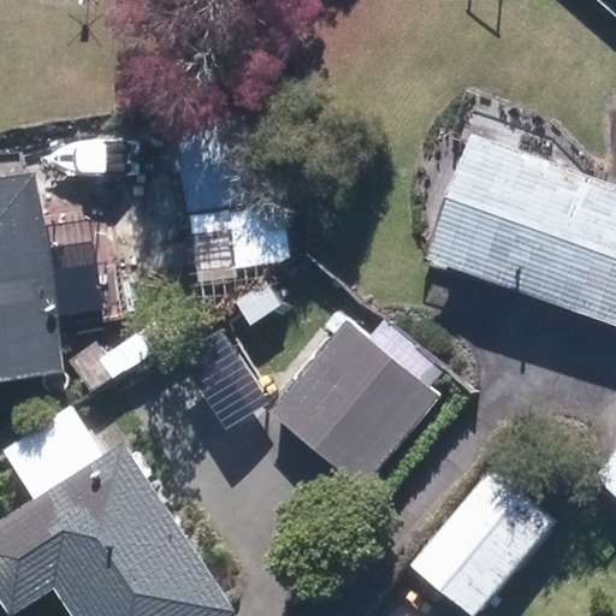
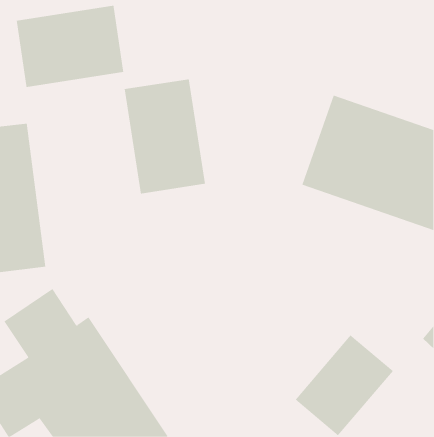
building: none -> [16,5,124,88]
building: [270,320,443,492] -> none

